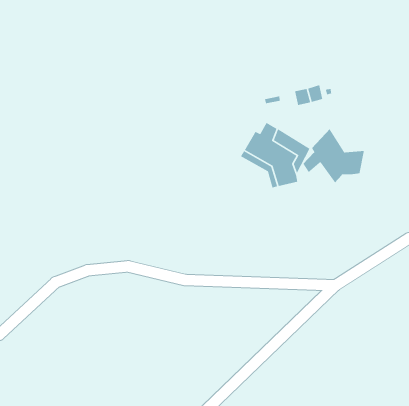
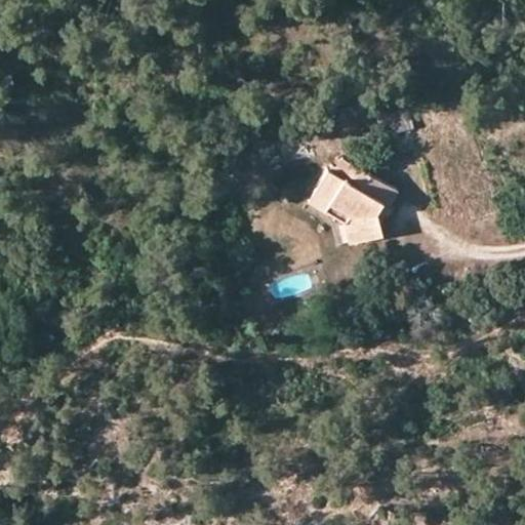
building: [302,128,365,184] -> none

